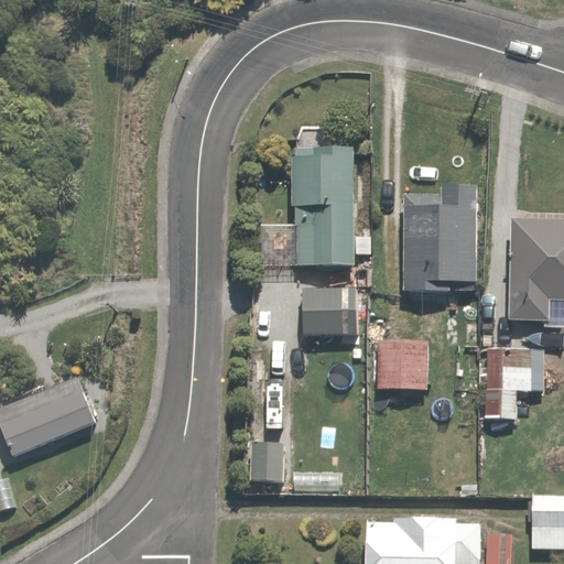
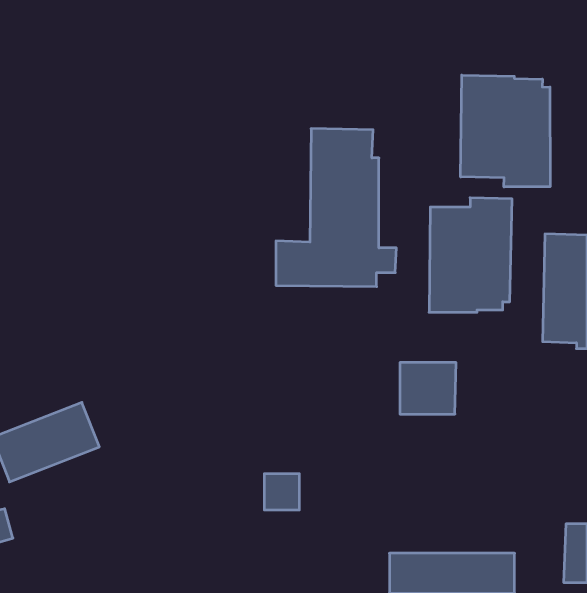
building: none -> [461,75,550,187]
building: [300,290,351,335] -> none
building: [486,351,532,423] -> none

